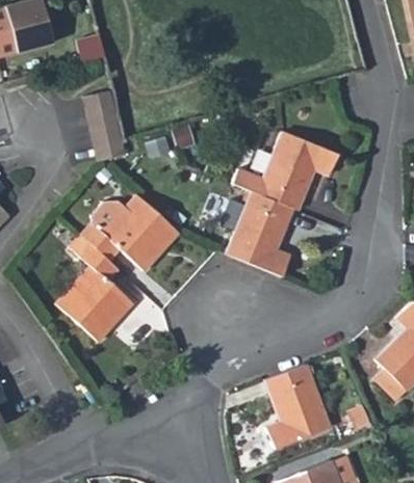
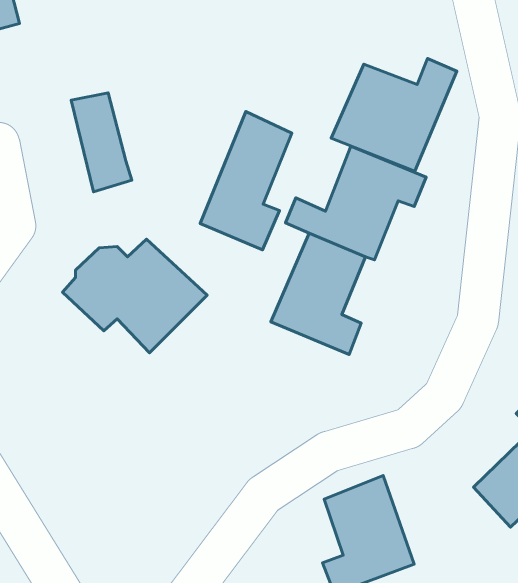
building: none -> [331,59,457,171]
building: none -> [200,112,292,250]
building: [52,233,127,343] -> none

